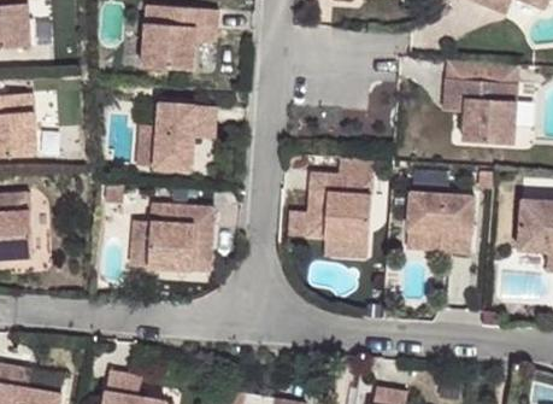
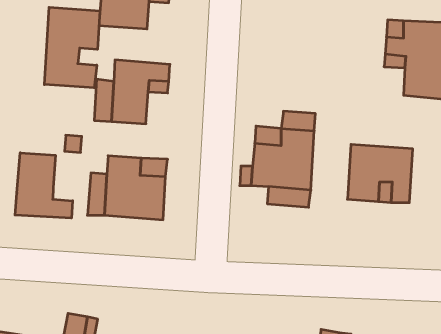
building: none -> [44,7,100,88]
building: none -> [15,153,73,218]

